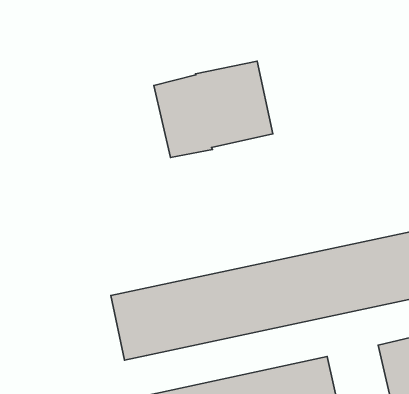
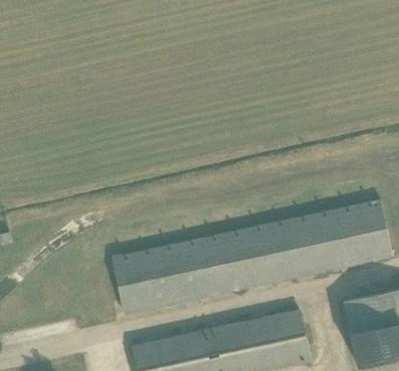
building: [154,61,273,158] -> none

